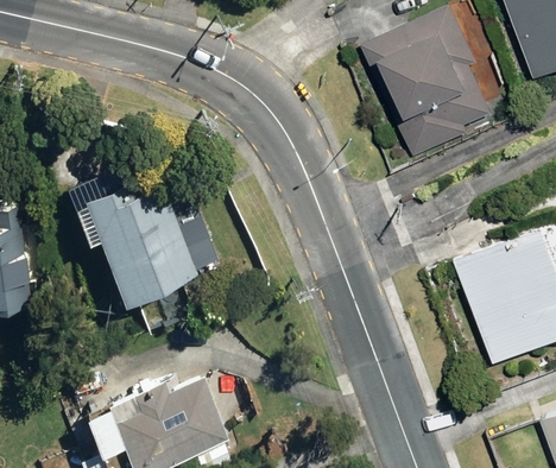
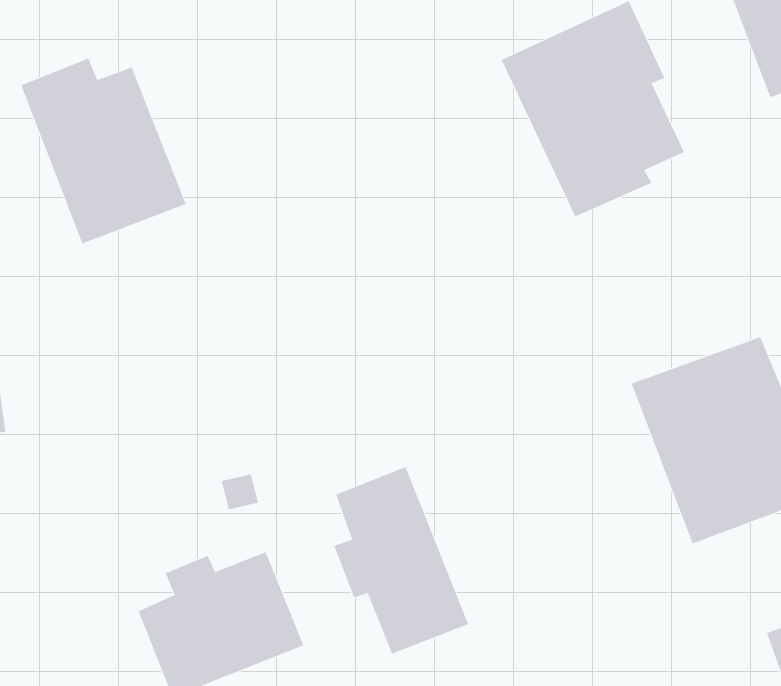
building: [93,175,202,297] -> [20,58,186,244]
building: none -> [334,466,469,654]

